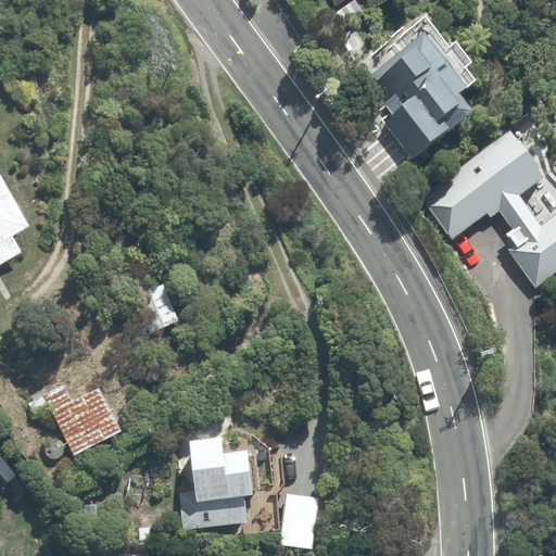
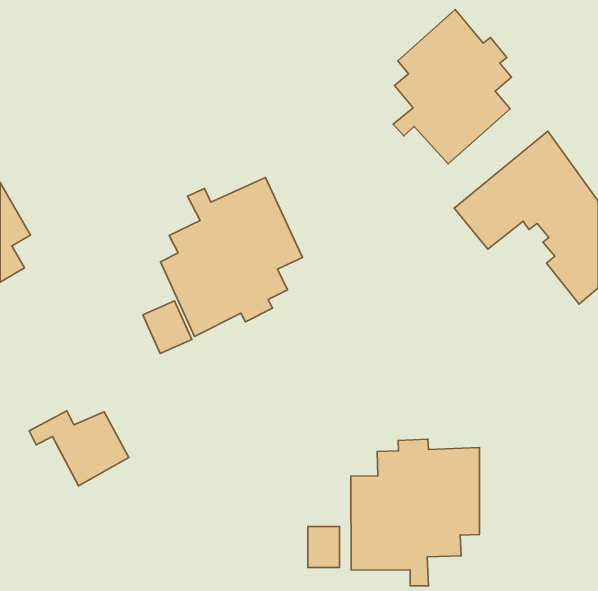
building: none -> [160,177,302,336]
building: none -> [351,439,480,586]
building: [178,433,253,532] -> none

